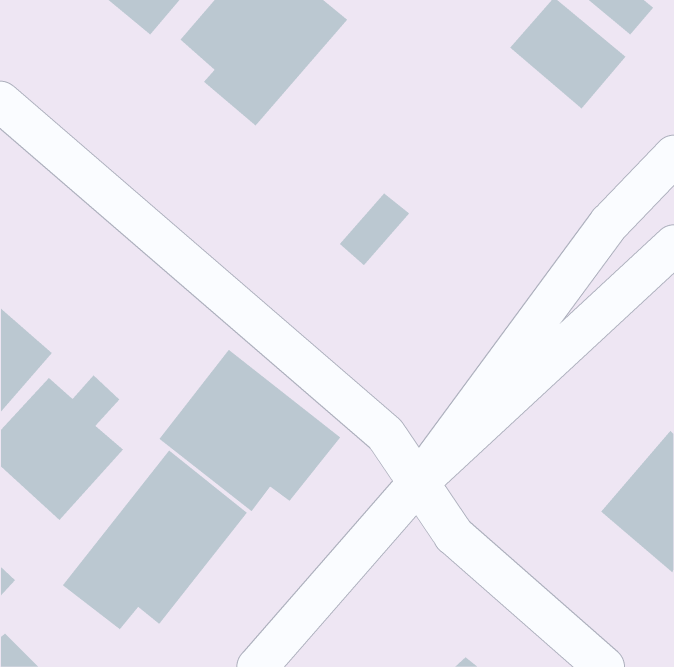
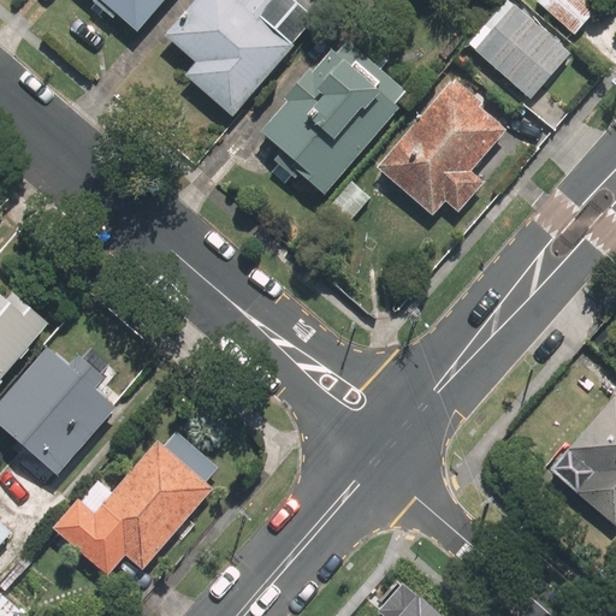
building: none -> [257,38,401,197]
building: none -> [378,81,508,217]
building: [159,349,341,512] -> none

